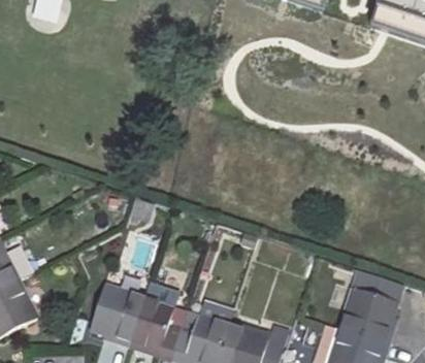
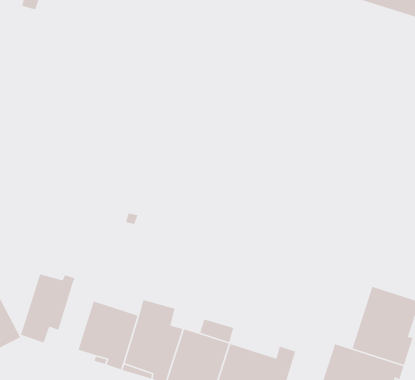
building: none -> [20,273,76,344]

